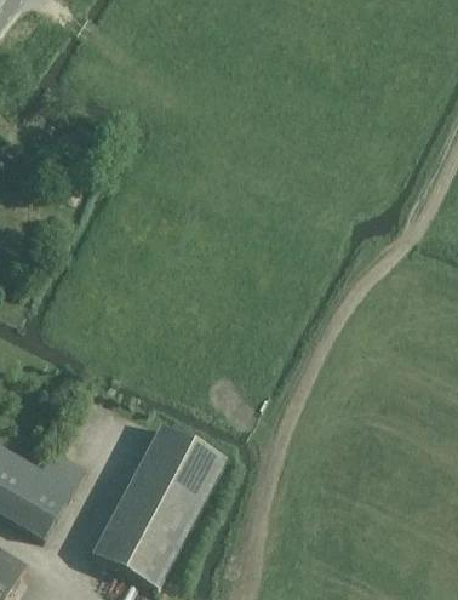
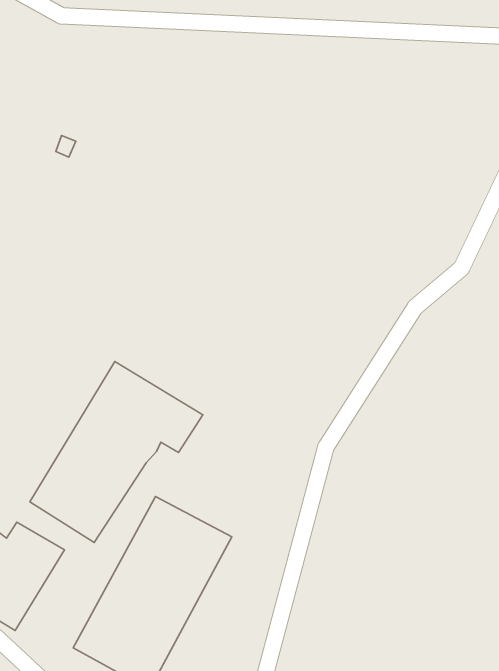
building: none -> [30,362,203,542]

